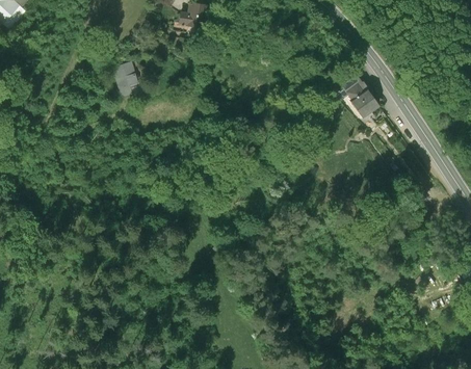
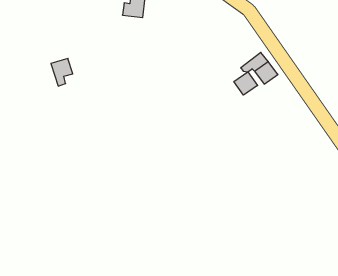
building: [113,62,141,98] -> [51,58,73,86]
building: none -> [234,72,258,95]

